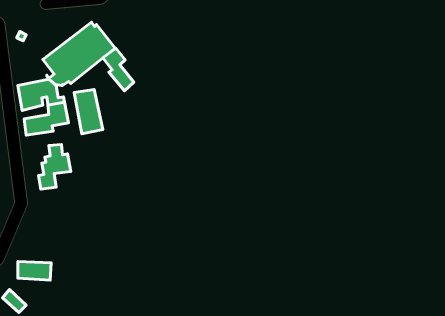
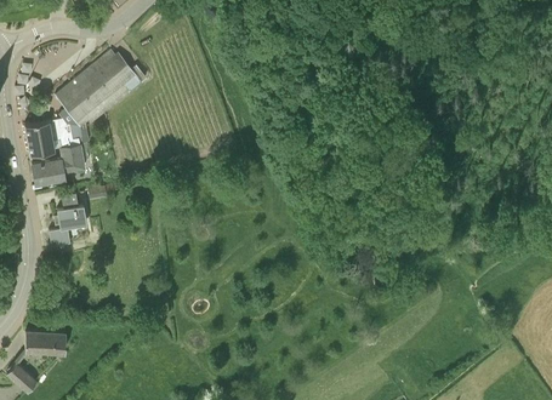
building: [103,48,134,91] -> none
building: [74,89,103,134] -> none

